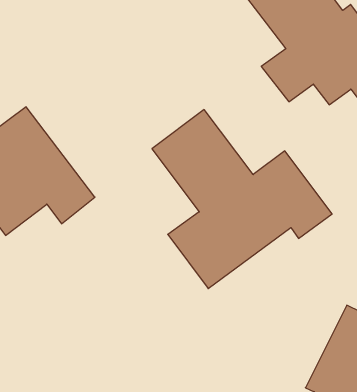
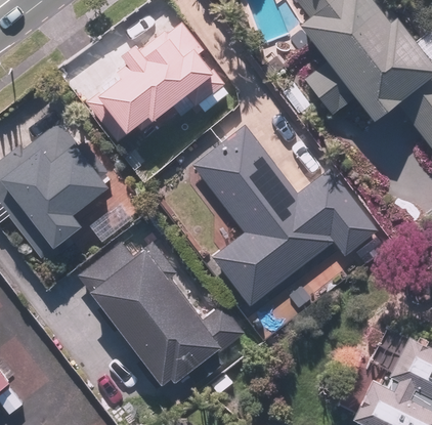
building: none -> [91,29,220,145]
building: none -> [78,240,240,390]

